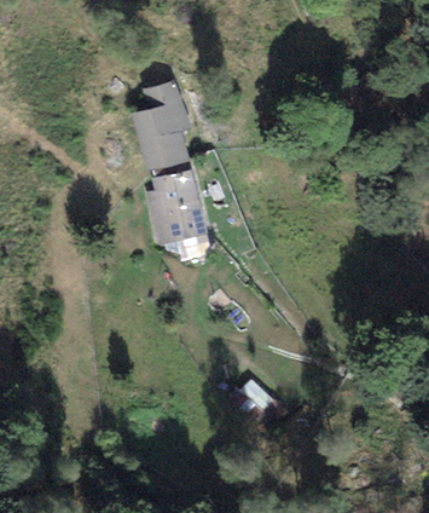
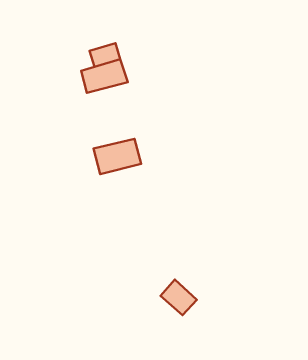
building: [139,132,190,172] -> none
building: [144,171,199,213] -> none

